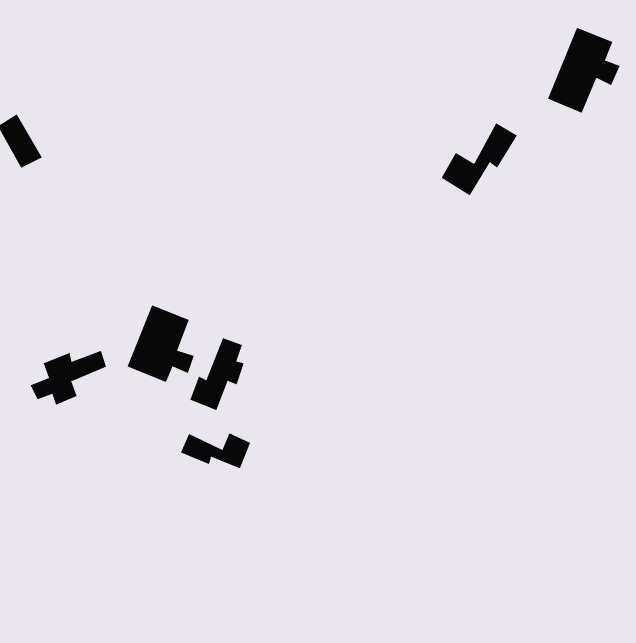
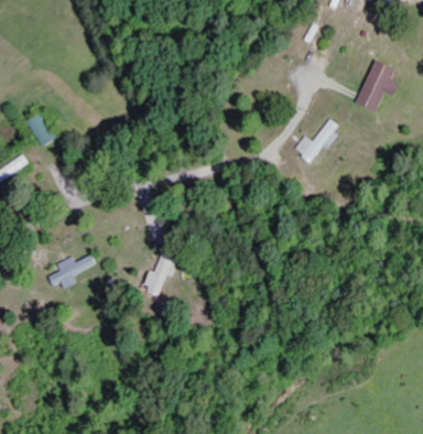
building: [127,305,194,383] -> none
building: [180,433,251,469] -> none

